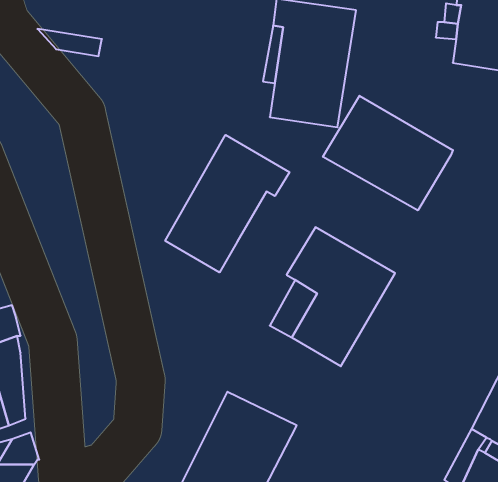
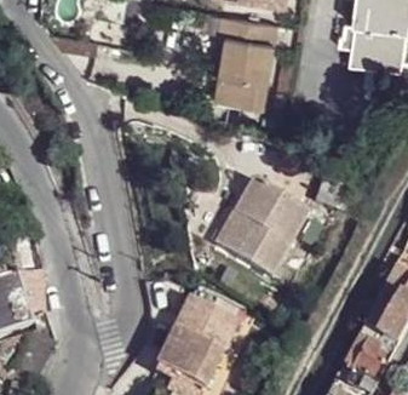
building: [323,96,453,210] -> none
building: [165,135,289,272] -> none

